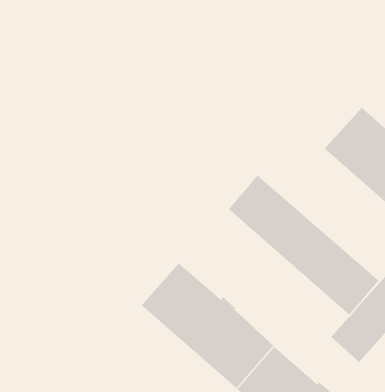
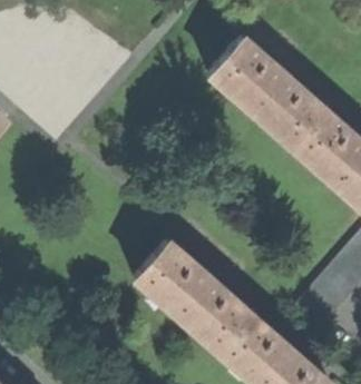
building: none -> [209,37,322,144]
building: [228,174,380,316] -> none

